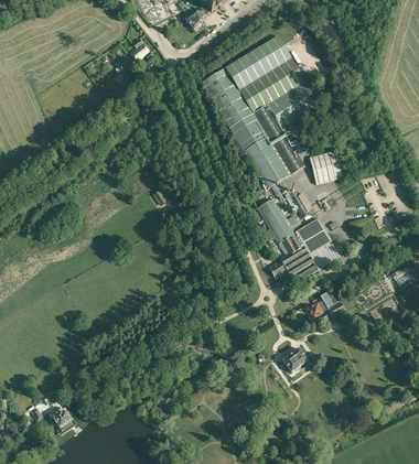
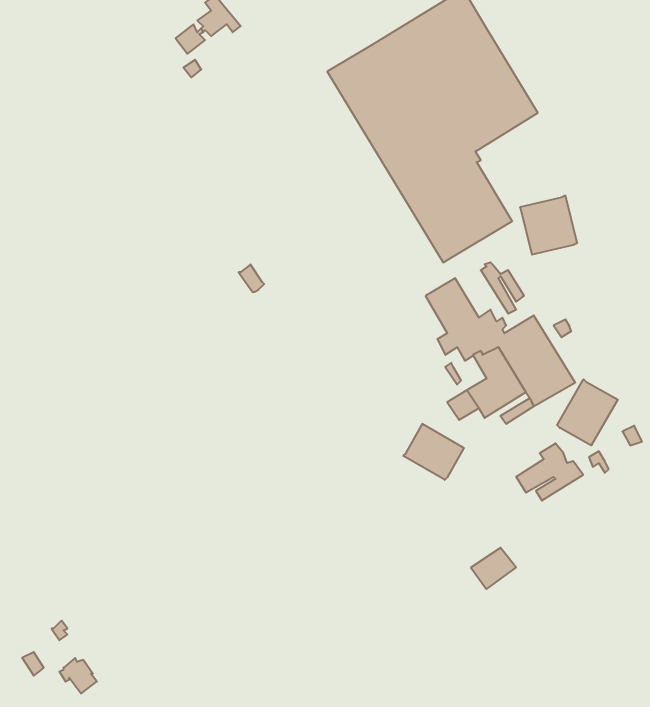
building: none -> [557,379,618,445]
building: none -> [403,424,464,480]

